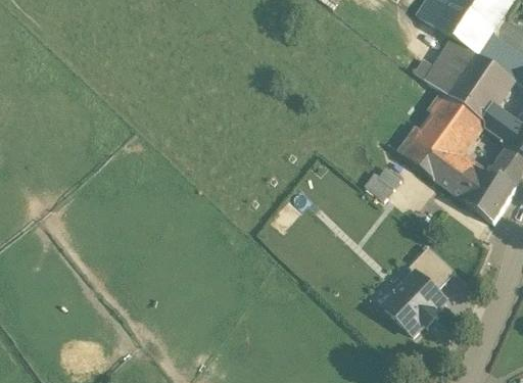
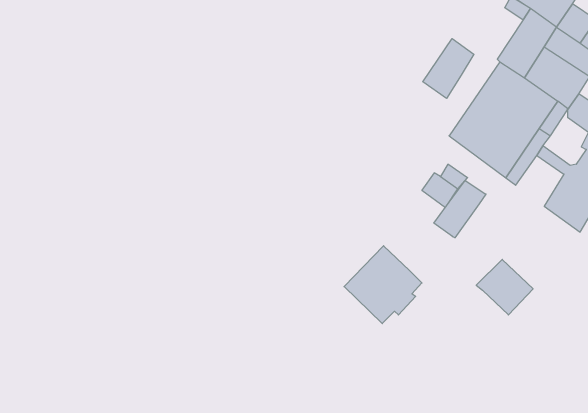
building: none -> [423,39,474,98]
building: [443,158,483,200] -> none
building: none -> [434,181,486,238]
building: [383,270,447,334] -> [344,246,422,324]

